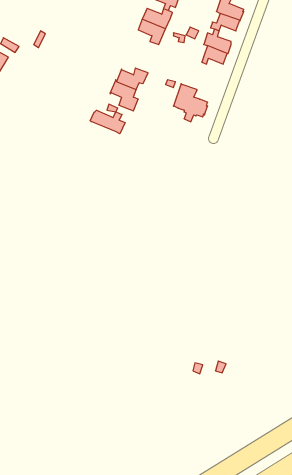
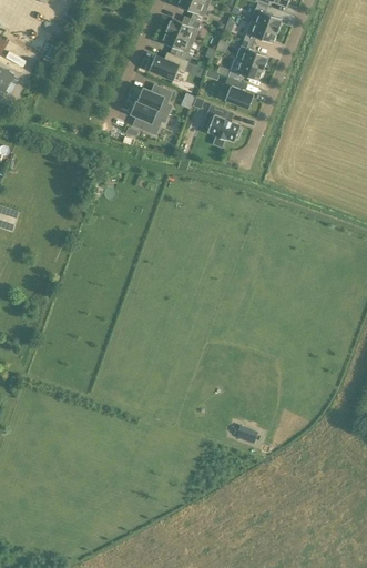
building: none -> [150,55,190,80]
building: none -> [224,78,255,111]
building: [90,110,125,134] -> none

